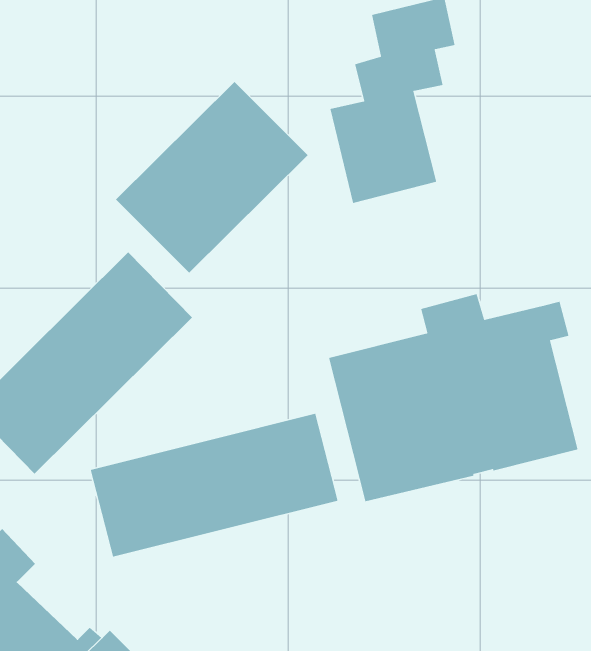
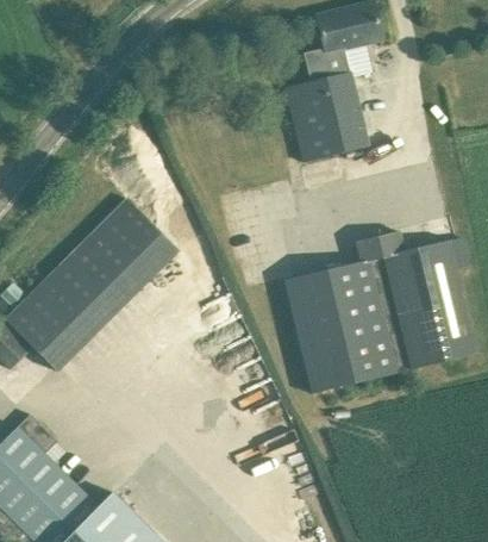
building: [115,81,308,274] -> none
building: [90,413,338,558] -> none

